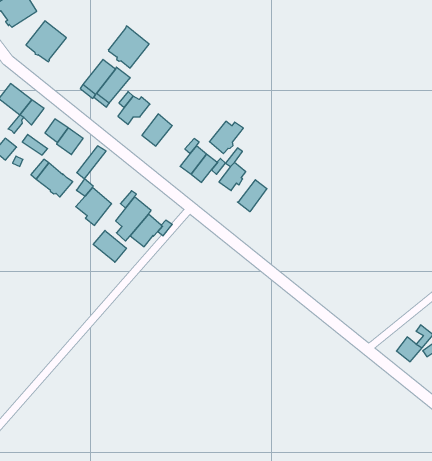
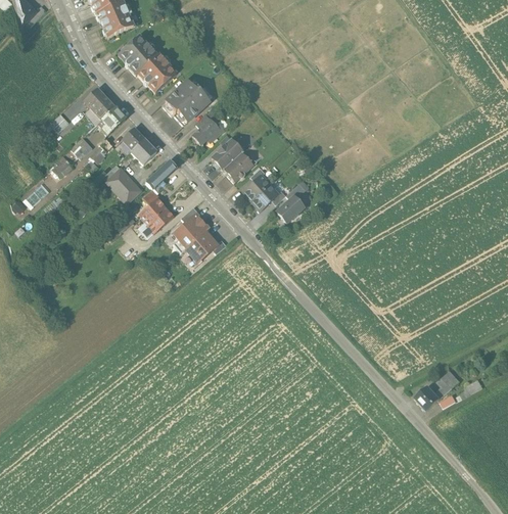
building: [108,26,149,68] -> [138,51,177,91]
building: [209,121,243,154] -> [224,151,258,181]
building: [237,180,267,212] -> none
building: [93,230,126,262] -> none

